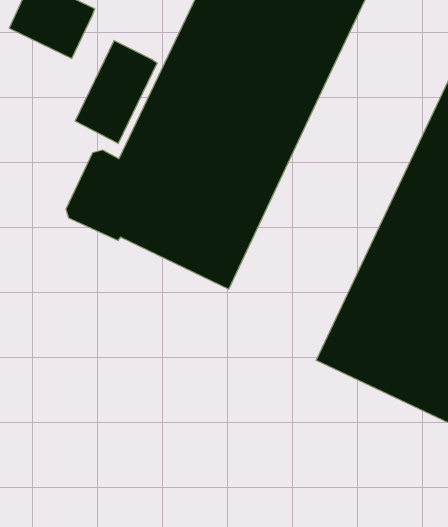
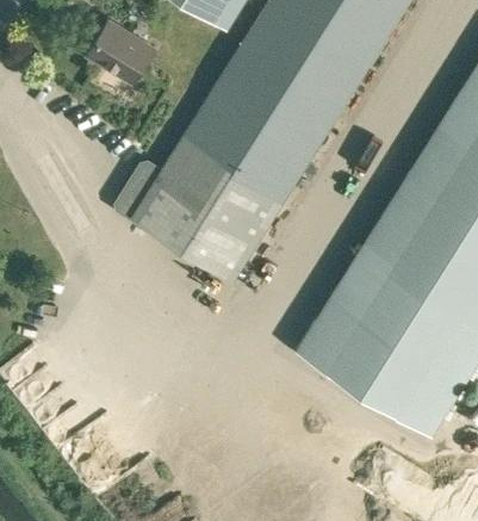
building: [75,40,157,144] -> none

